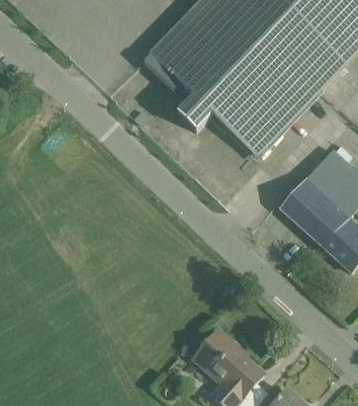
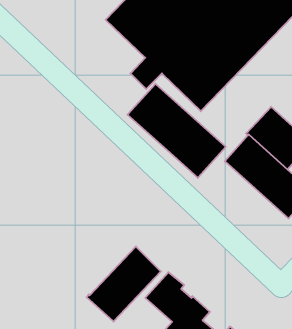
building: none -> [127,84,226,178]
building: none -> [87,246,161,322]

